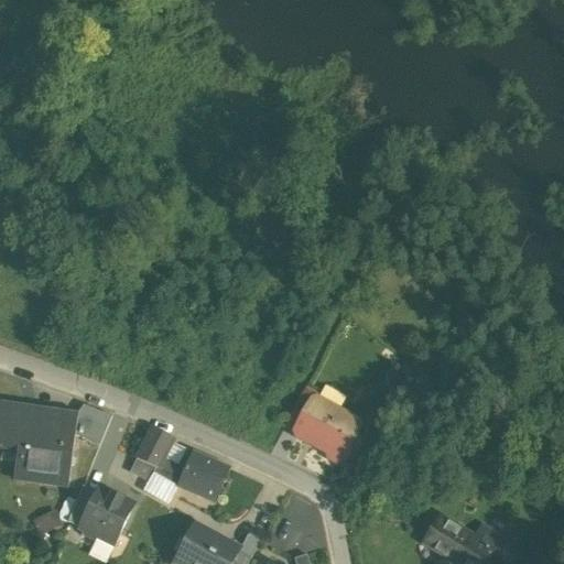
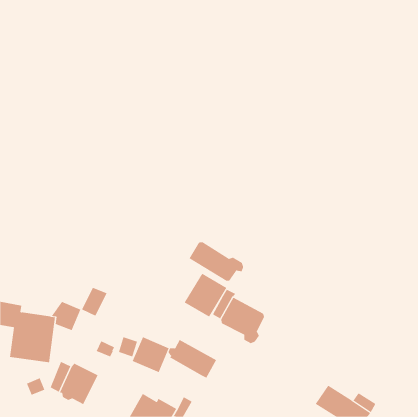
building: none -> [189,242,244,281]
building: none -> [184,273,227,318]
building: [135,427,171,466] -> [81,287,107,316]
building: none -> [168,339,217,378]

